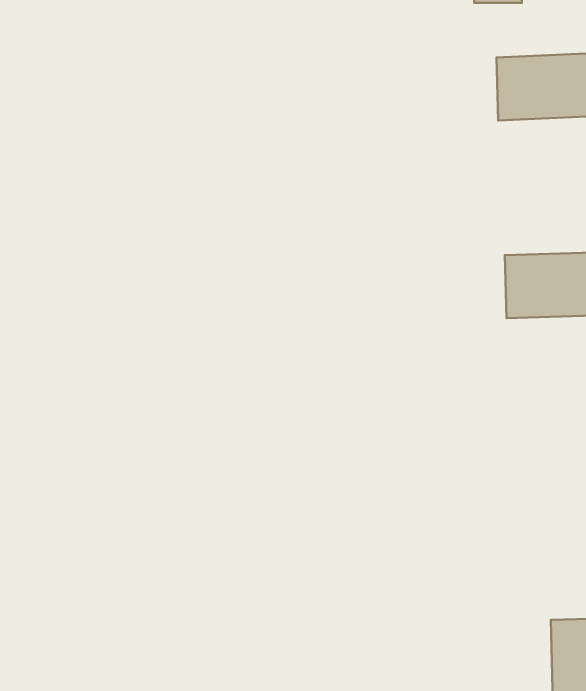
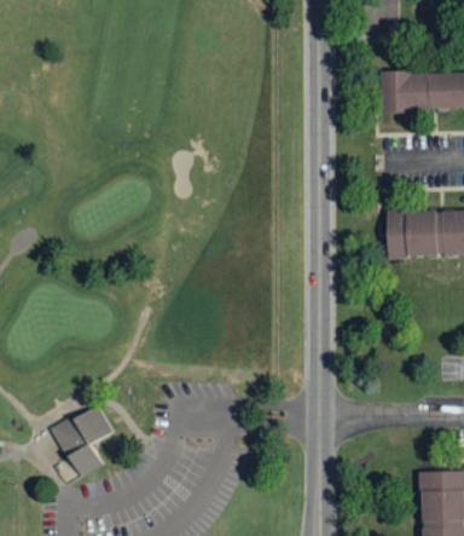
building: none -> [56,404,116,477]

